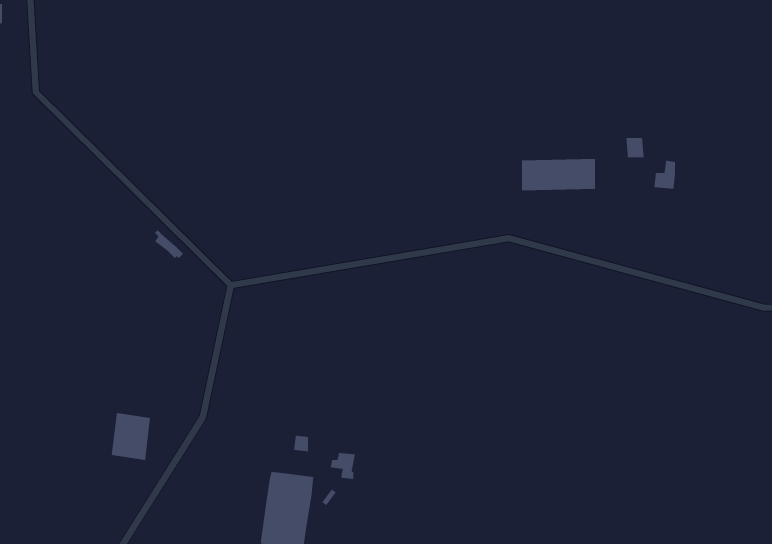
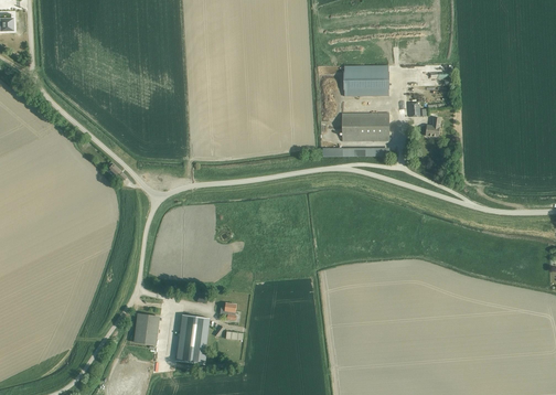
building: none -> [342,71,387,88]
building: [111,412,151,461] -> [132,312,158,343]

